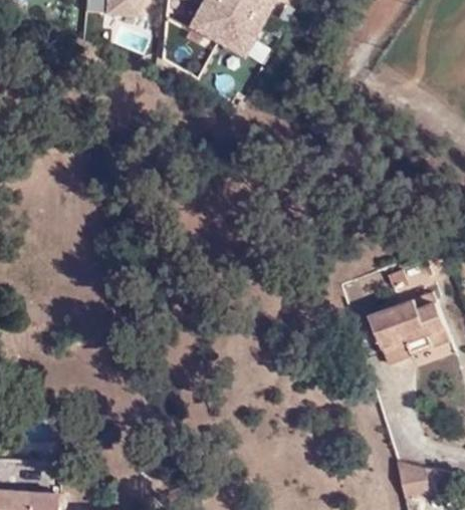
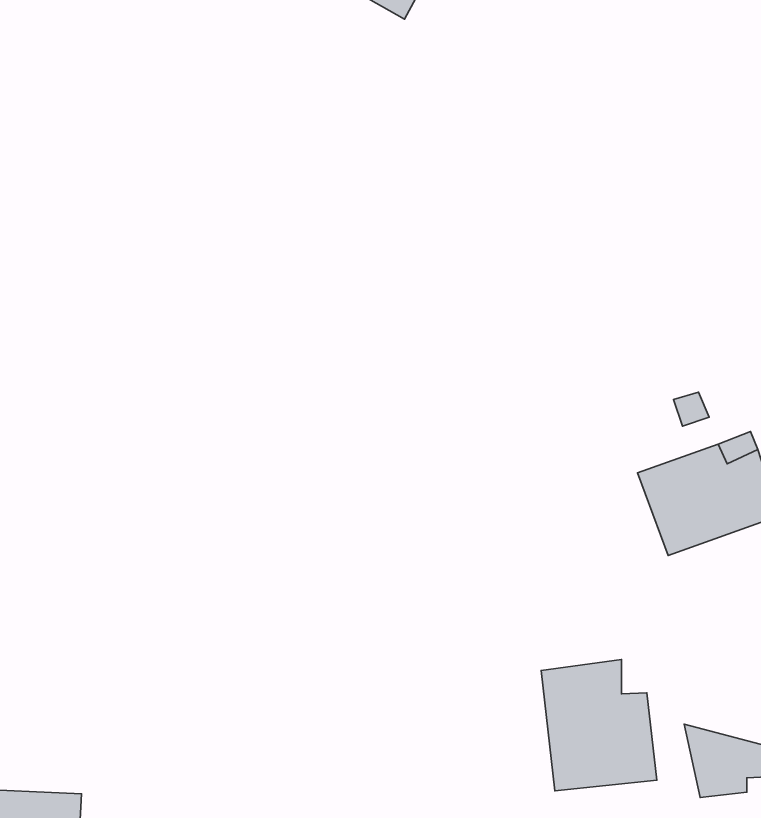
building: none -> [541,659,657,791]

